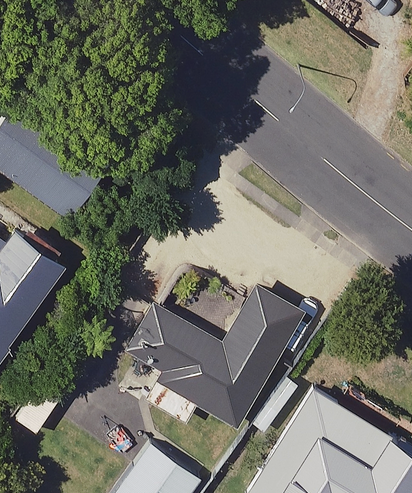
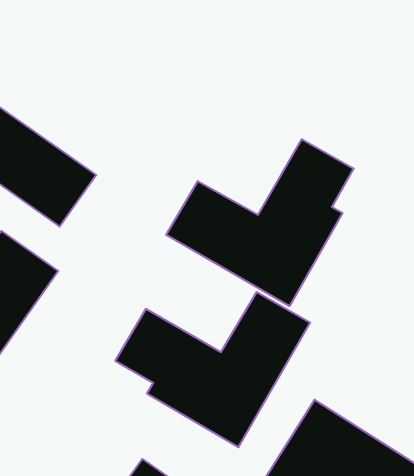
building: none -> [166,139,354,306]

